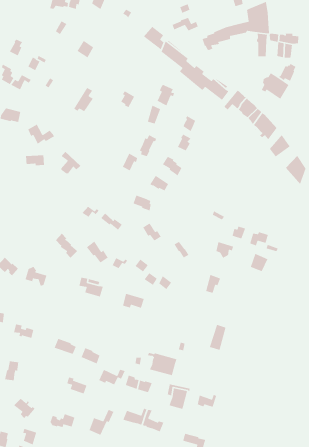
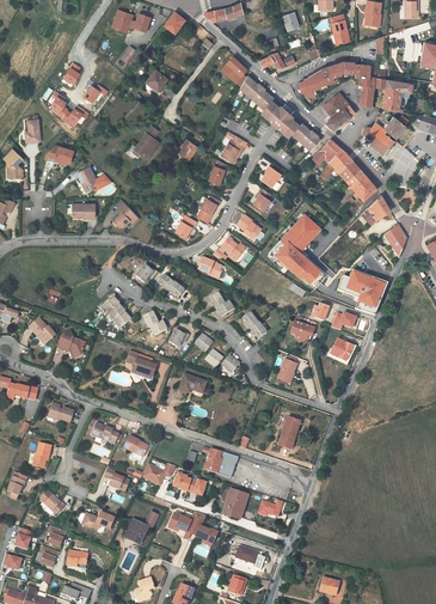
building: none -> [321,93,355,129]
building: none -> [276,214,320,282]
building: none -> [338,270,385,312]

